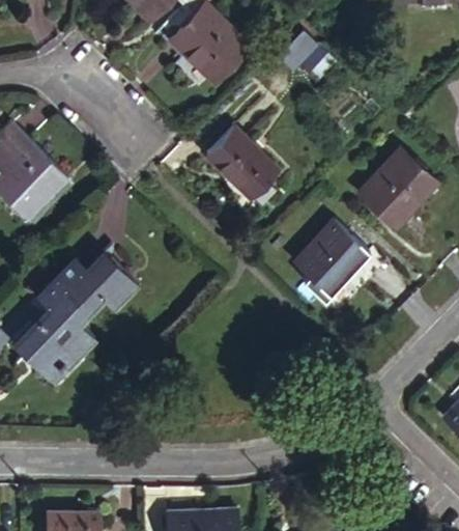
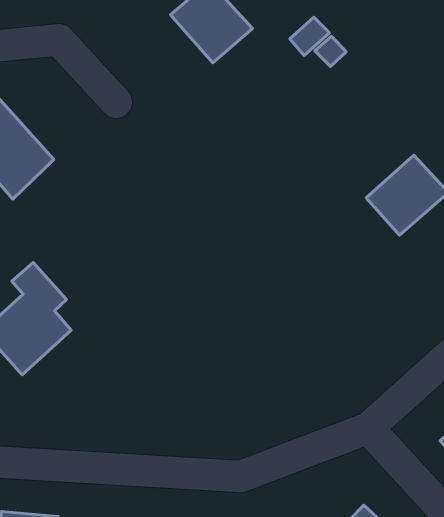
building: [206,130,279,201] -> none
building: [293,224,370,300] -> none
building: [58,251,138,310] -> none

